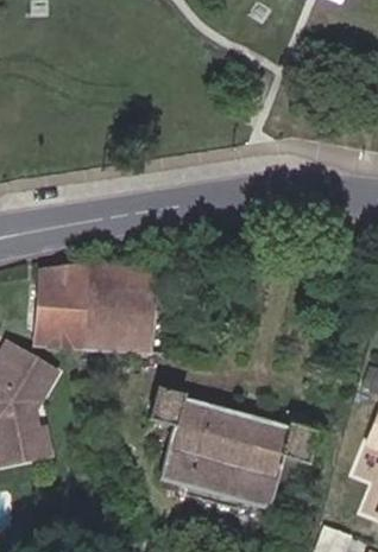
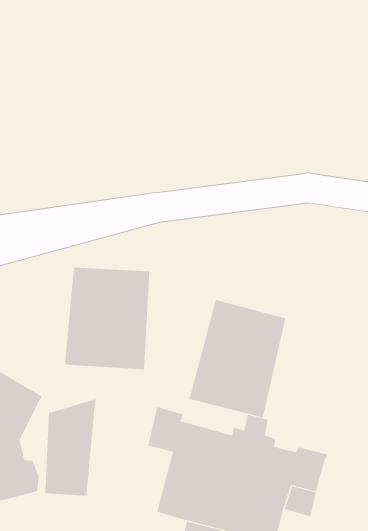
building: [34,255,82,344] -> [44,398,96,496]
building: none -> [189,299,286,418]

